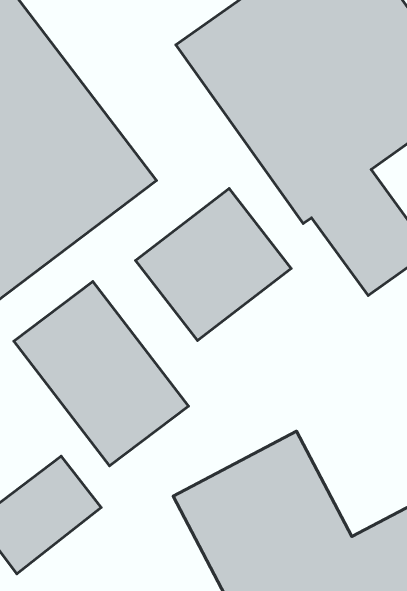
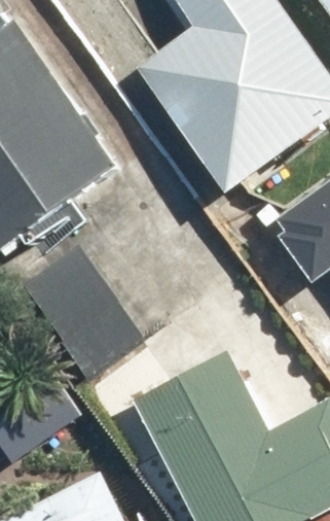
building: [136,189,291,340] -> none

